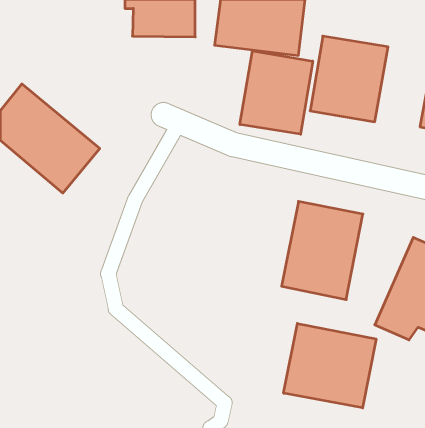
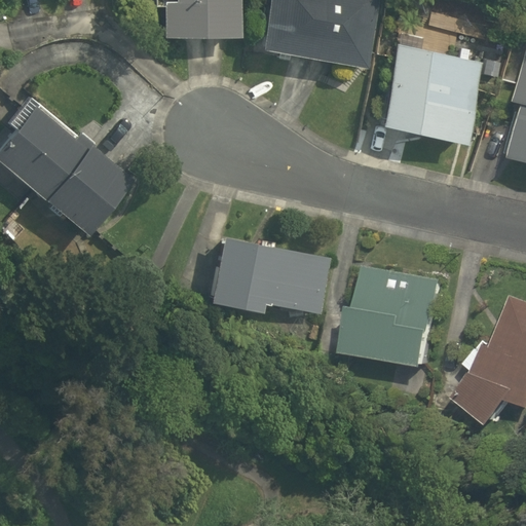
building: [240,51,313,134] -> none
building: none -> [208,237,327,310]
building: [284,323,376,408] -> none

